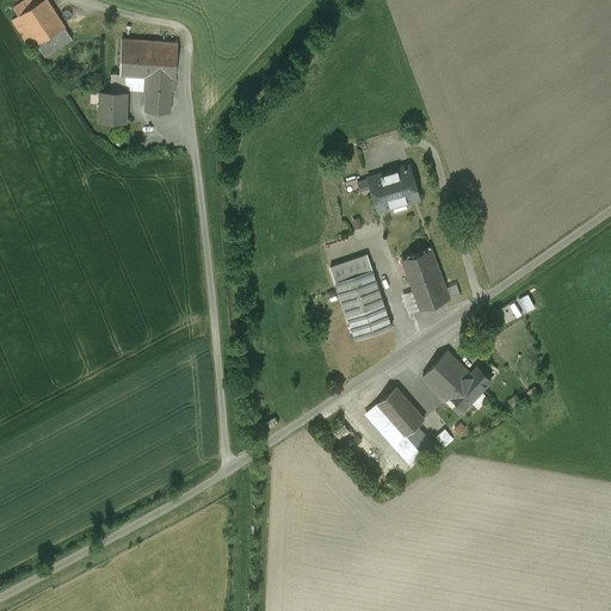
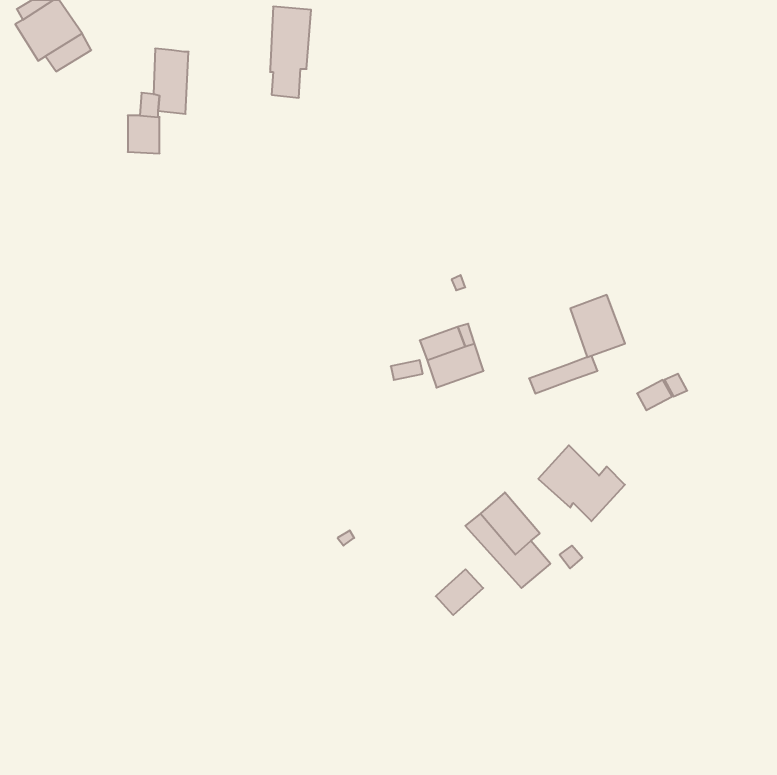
building: [146,42,178,113] -> [270,7,311,98]
building: [357,168,415,210] -> none
building: [402,249,445,298] -> [570,295,625,357]
building: [342,292,391,340] -> none
building: none -> [436,569,483,615]

